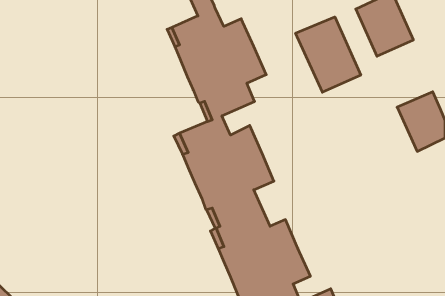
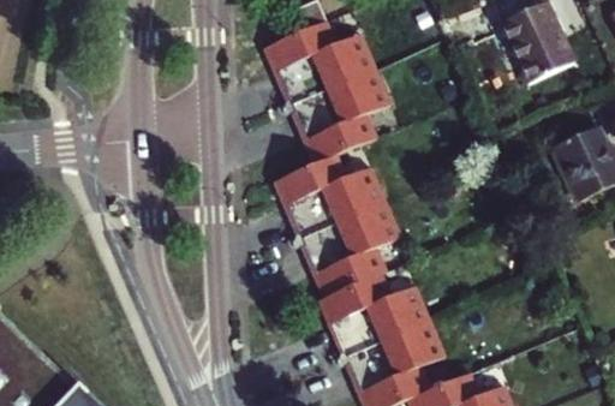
building: [296,17,361,92] -> none

